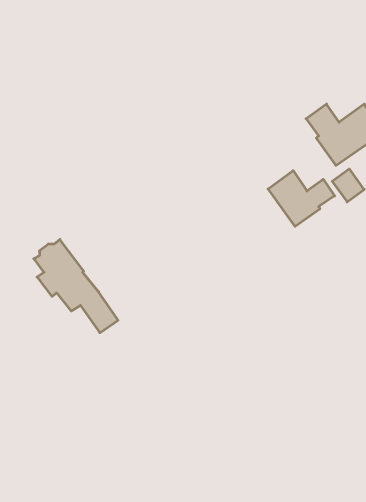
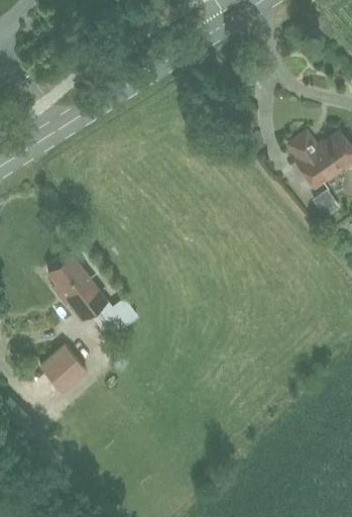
building: [268,171,335,226] -> none
building: none -> [38,343,84,389]

